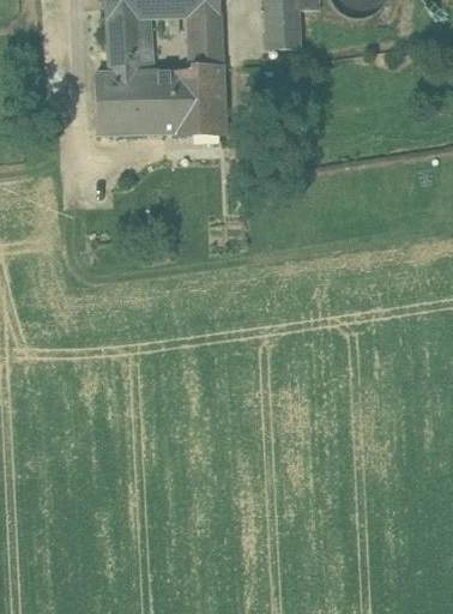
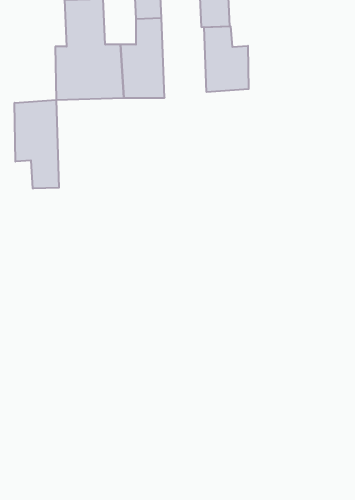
building: none -> [204,26,249,92]
building: none -> [15,100,59,189]

